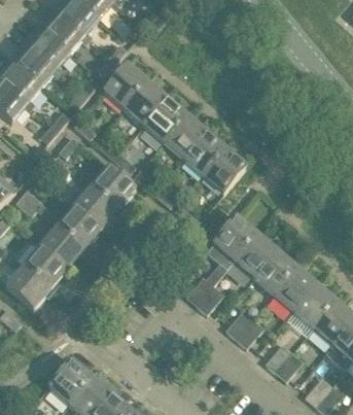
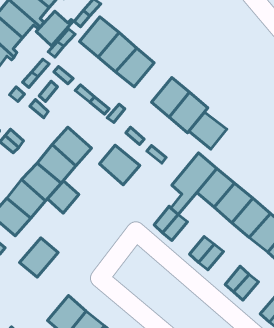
building: none -> [36,11,73,46]
building: [165,114,207,159] -> none
building: [91,166,136,210] -> [99,145,140,185]
building: none -> [189,112,227,149]
building: none -> [48,181,79,213]
building: [48,358,92,403] -> [20,238,58,277]

